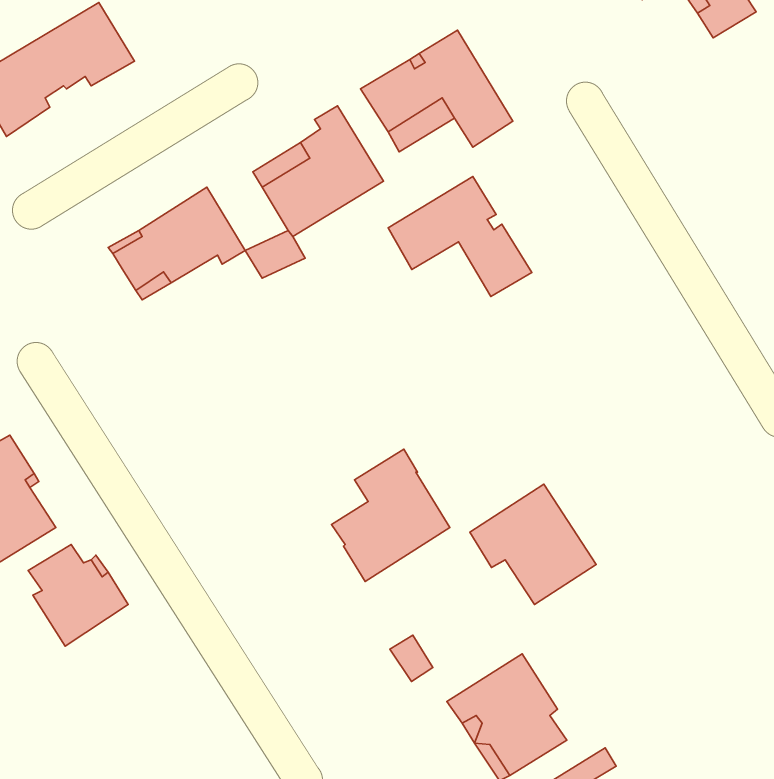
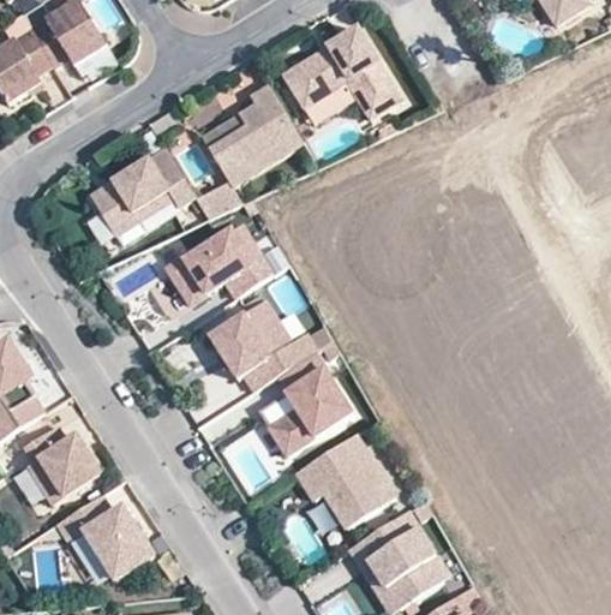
building: [388,176,532,296] -> none
building: none -> [168,225,274,304]
building: none -> [210,299,319,390]
building: [470,484,596,604] -> [298,434,396,527]
building: none -> [59,495,155,579]

